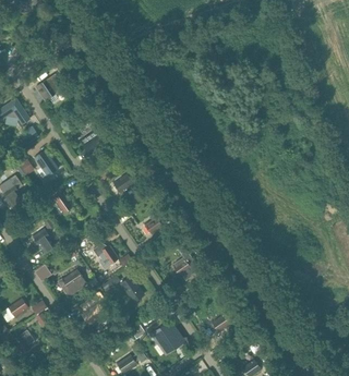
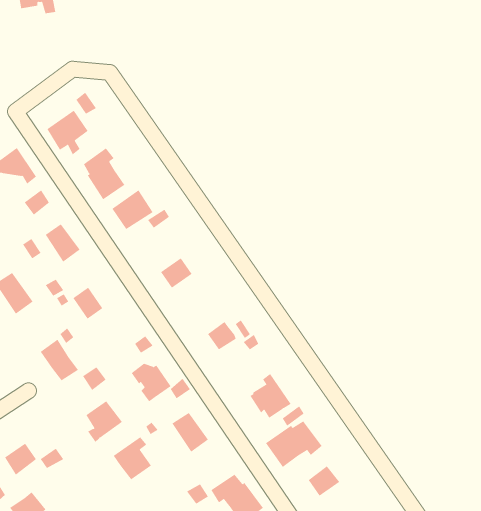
building: none -> [83,148,125,200]
building: none -> [265,421,322,468]

